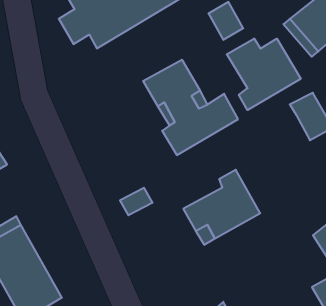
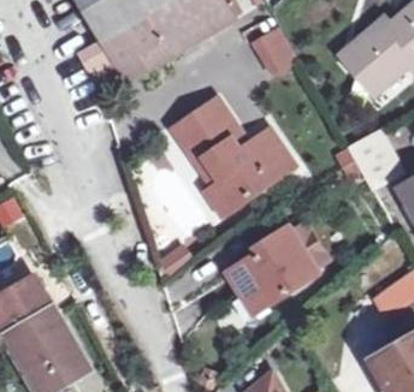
building: [227,38,301,110] -> none

